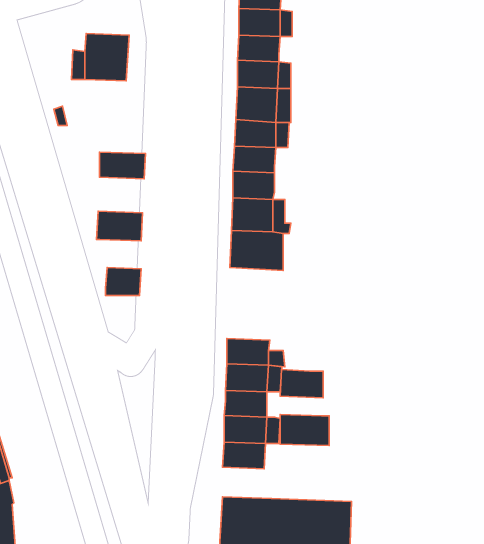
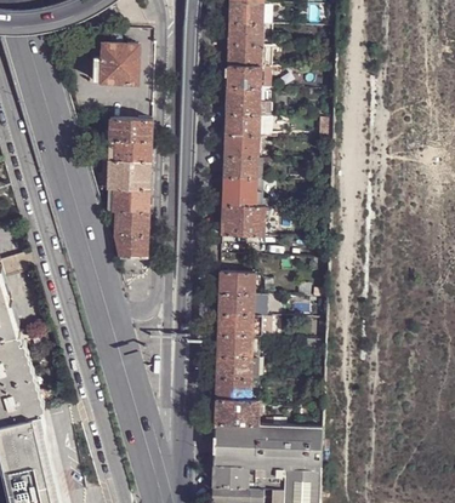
building: none -> [109,119,152,142]
building: none -> [107,161,150,190]
building: none -> [114,212,148,236]
building: [280,370,323,398] -> [218,271,254,295]
building: [280,414,329,446] -> [215,399,255,424]

